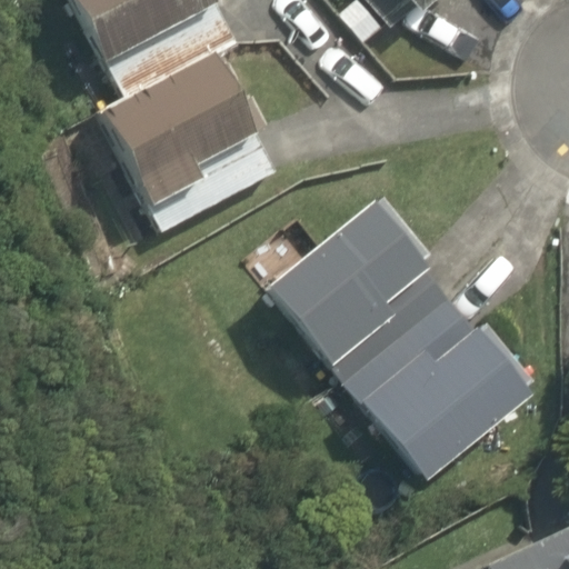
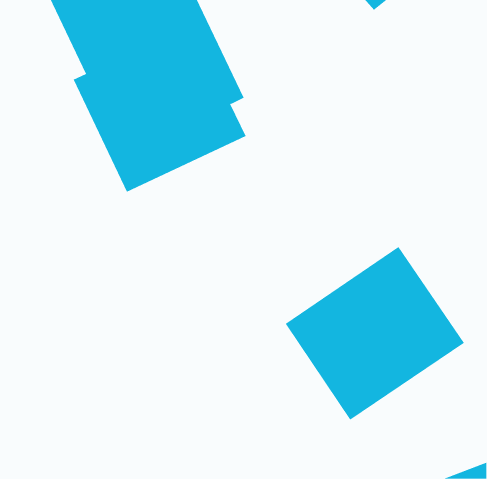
building: [263,187,462,376] -> none

